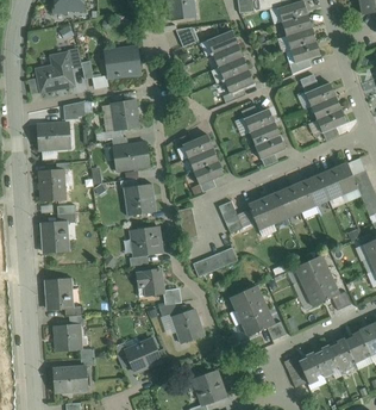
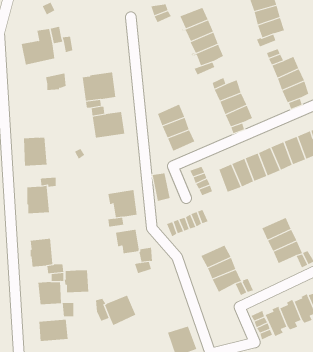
building: [108,49,138,75] -> none
building: [39,123,69,149] -> none
building: [123,184,156,216] -> none
building: [171,309,203,343] -> none
building: none -> [64,269,89,293]

